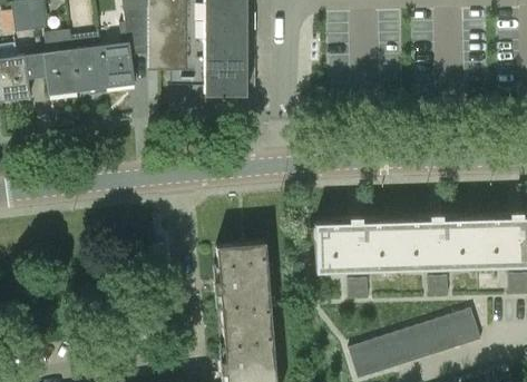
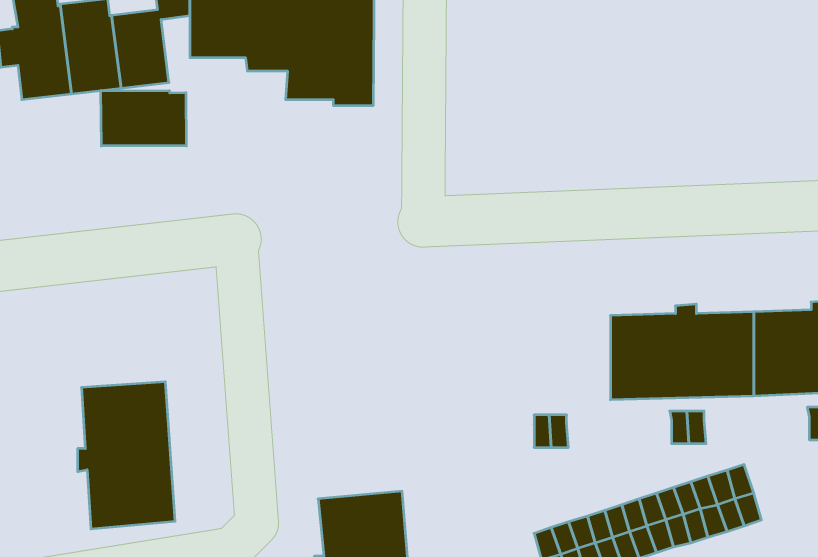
building: none -> [101,90,186,146]
building: [315,217,392,273] -> none
building: [214,243,271,329] -> [78,382,175,529]

